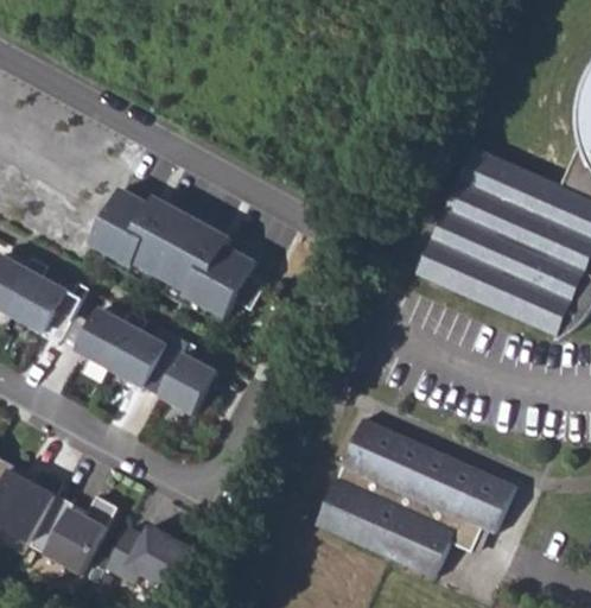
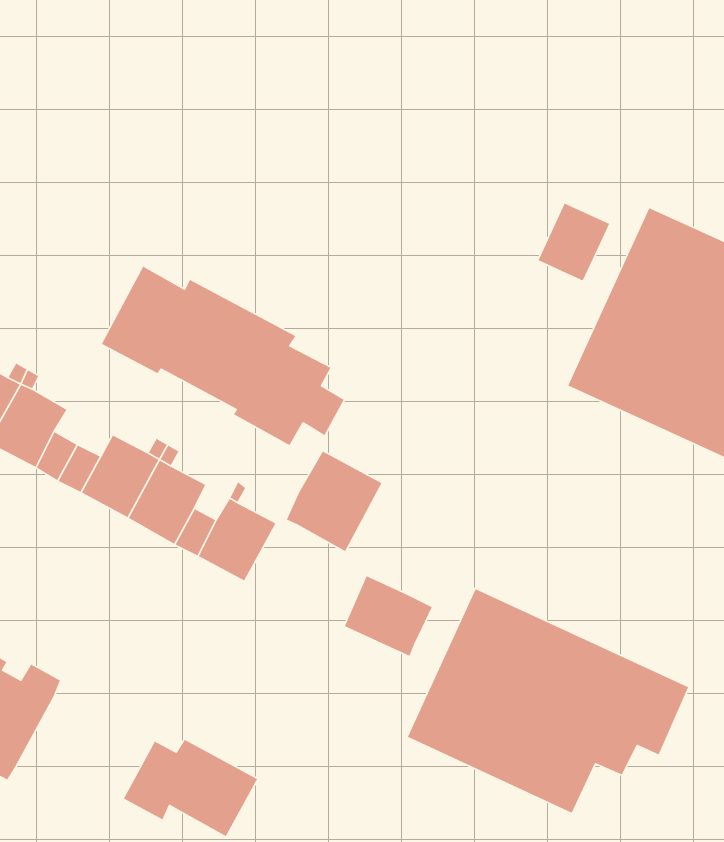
building: none -> [537,202,610,282]
building: none -> [286,451,382,552]
building: none -> [344,575,433,657]
building: [31,492,121,574] -> none

